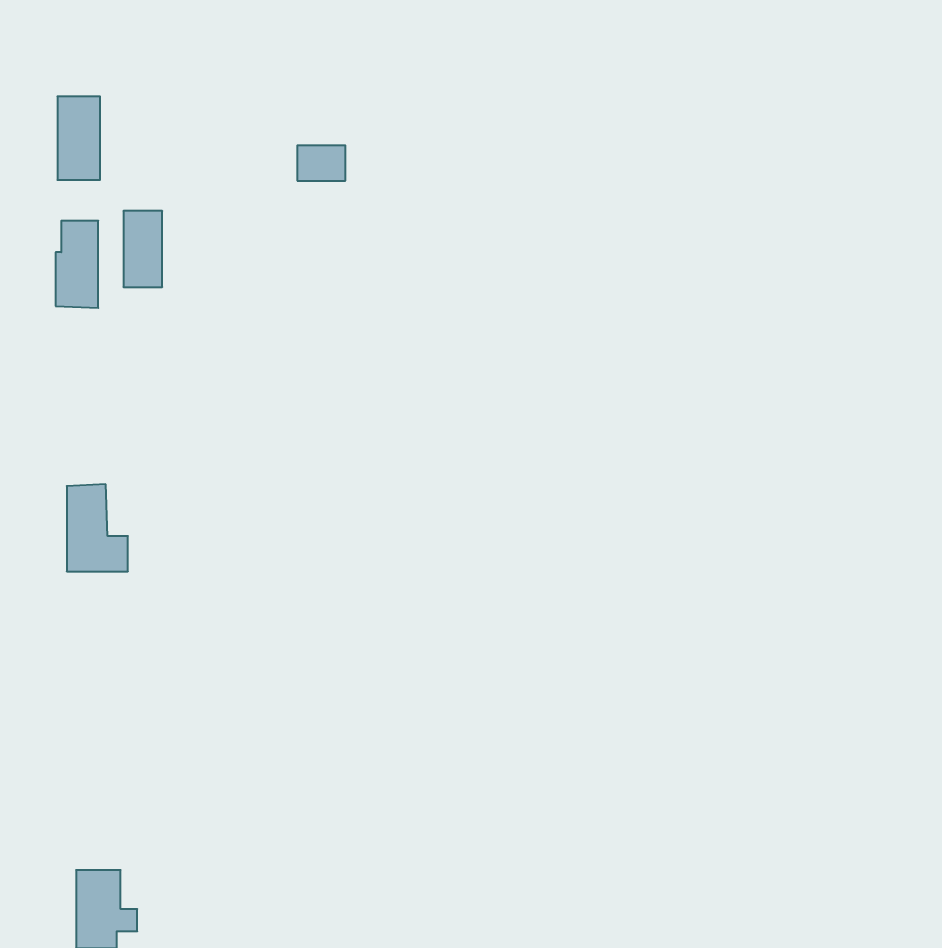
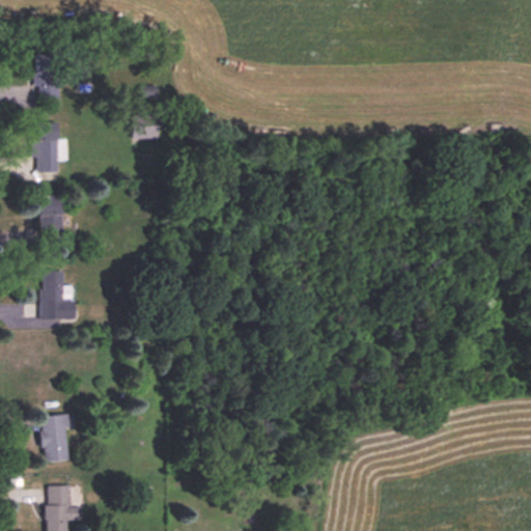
building: [297,145,345,181] -> [133,119,160,139]
building: [123,211,162,287] -> [40,196,62,239]
building: none -> [41,415,69,462]

